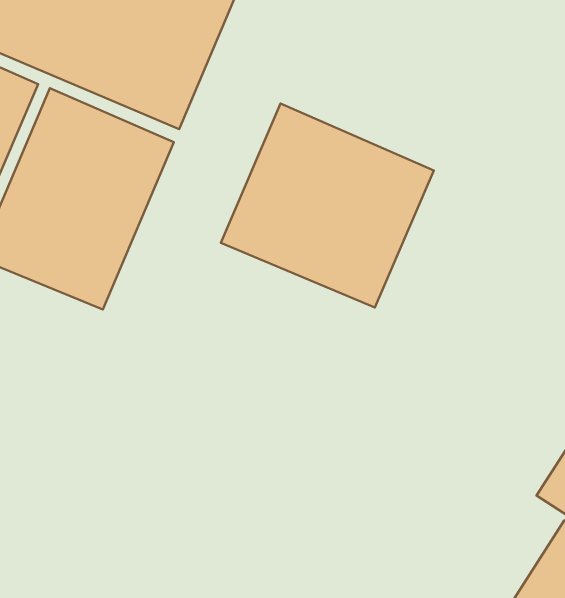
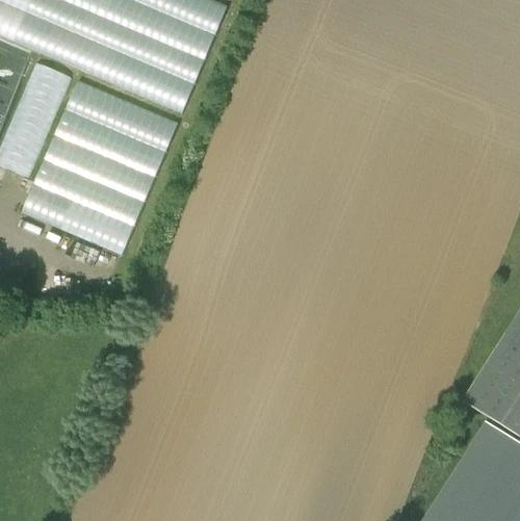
building: [221,103,434,308] -> none

